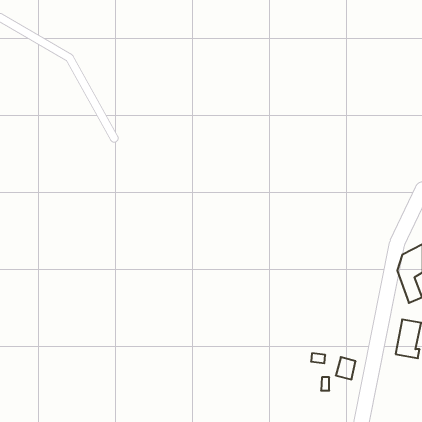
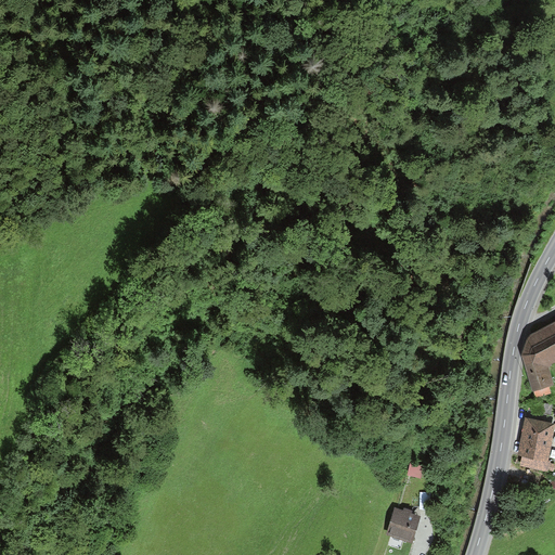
building: [336,357,356,379] -> [392,508,418,538]

